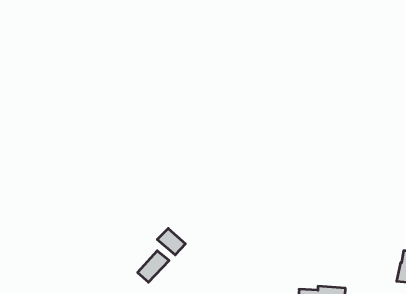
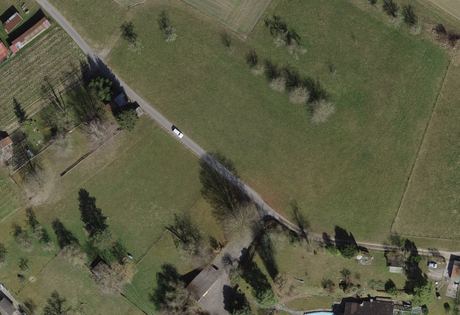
building: [157,228,185,255] -> none

